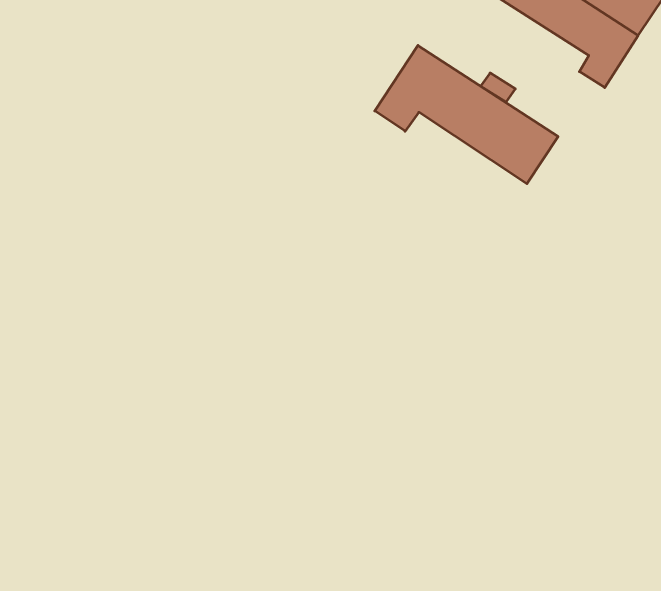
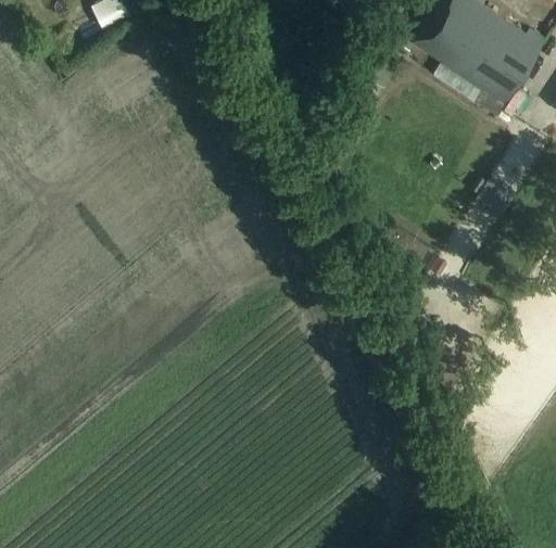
building: [375,45,558,184] -> none

